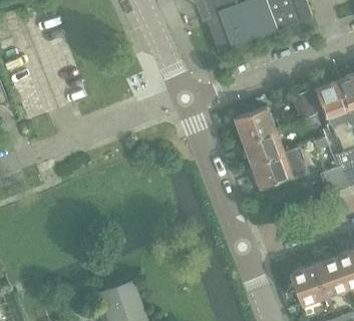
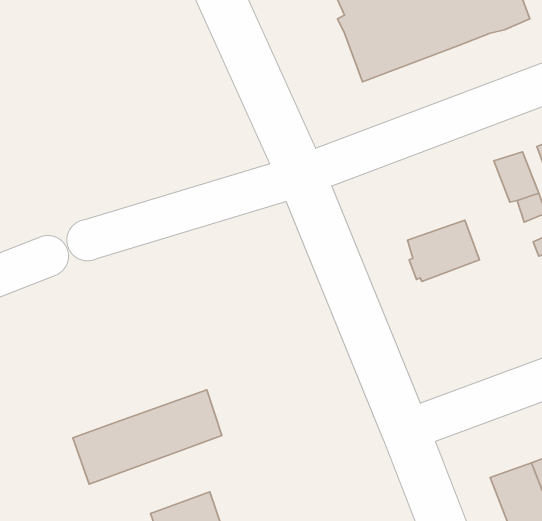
building: [234,106,275,140] -> none
building: [251,146,309,187] -> none
building: none -> [73,390,222,484]

